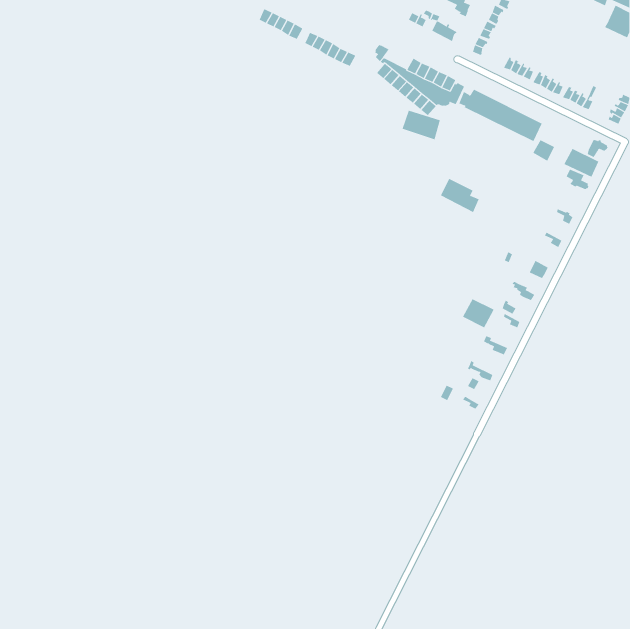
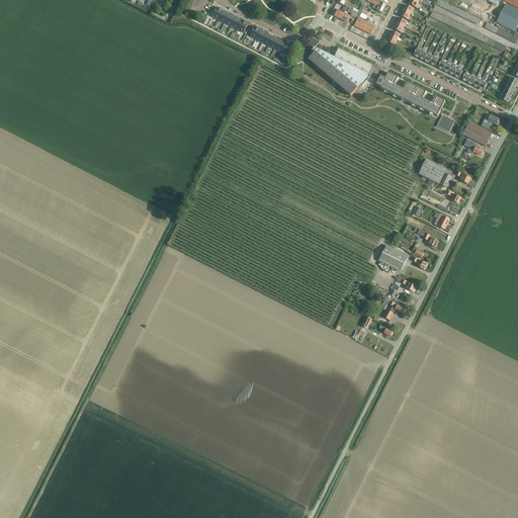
building: [402,110,441,140] -> none
building: [440,178,480,213] -> [419,159,451,187]

